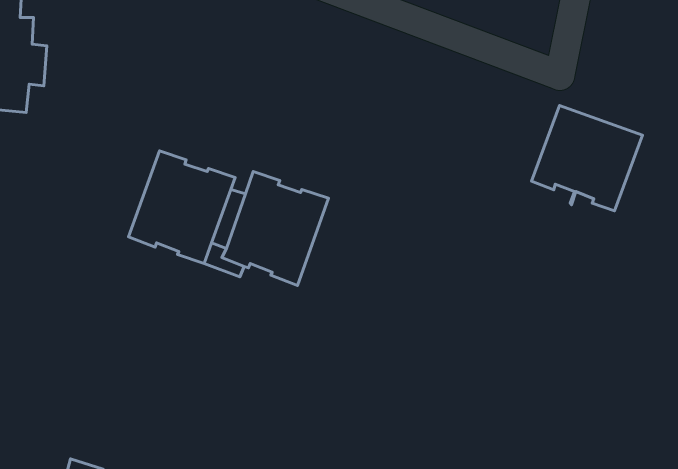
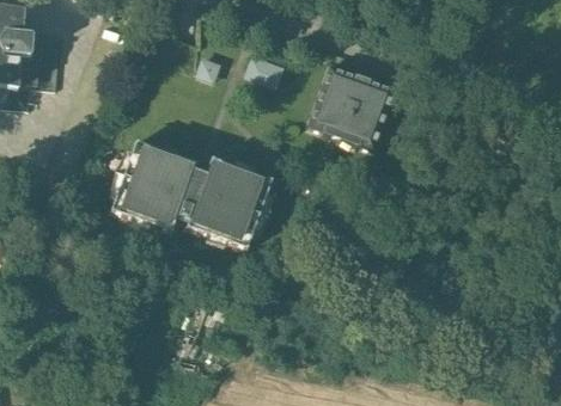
building: none -> [245,51,287,85]
building: [531,106,643,211] -> [305,64,395,149]

